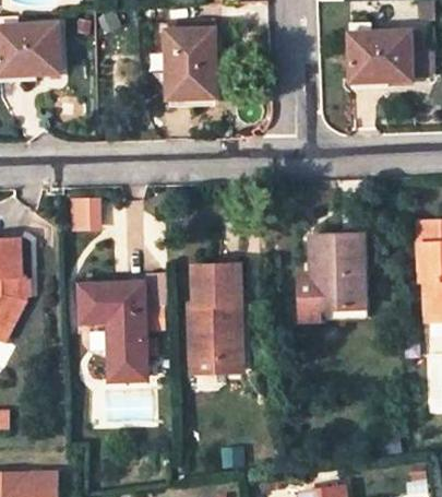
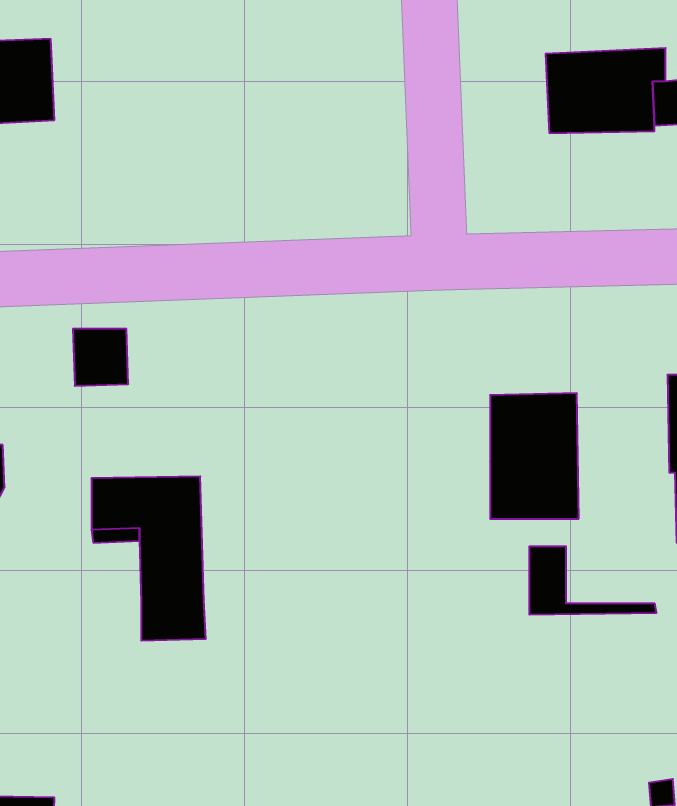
building: [164,28,213,97] -> none
building: [188,264,238,375] -> none
building: [294,275,369,316] -> [529,546,657,615]

